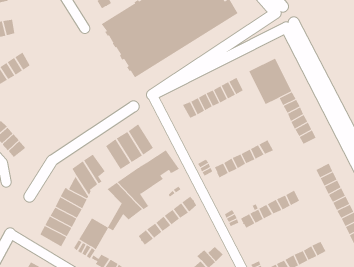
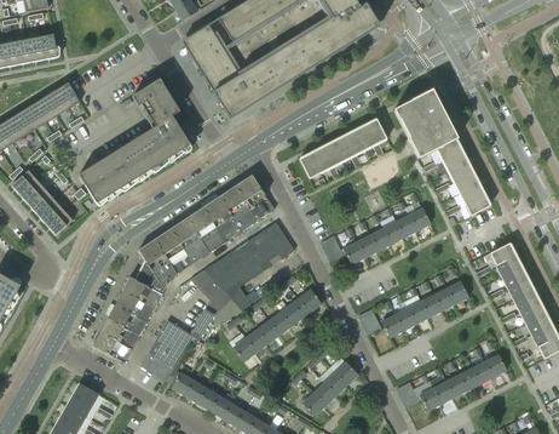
building: none -> [79,79,191,202]
building: none -> [236,175,275,219]
building: none -> [171,217,209,262]

